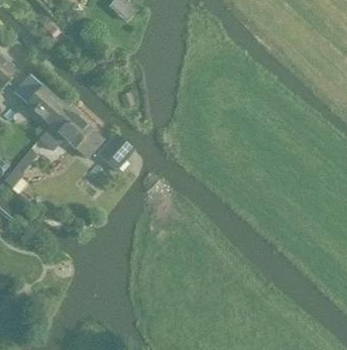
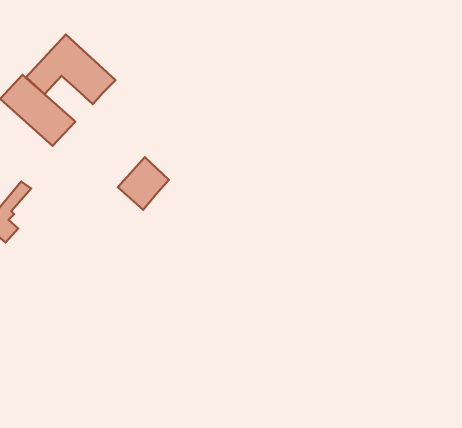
building: [39,107,103,156] -> [26,35,116,104]

